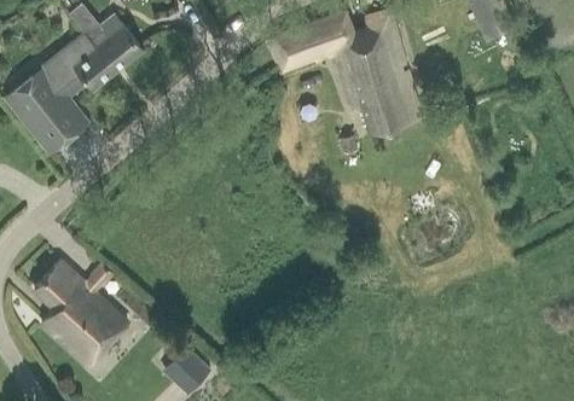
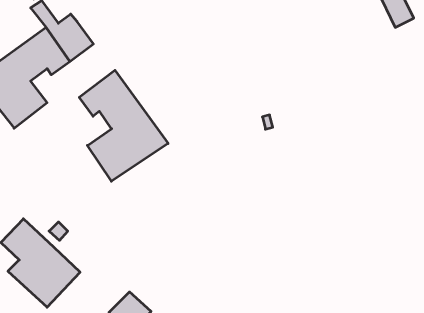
building: [272,8,418,129] -> none
building: none -> [79,70,168,181]

